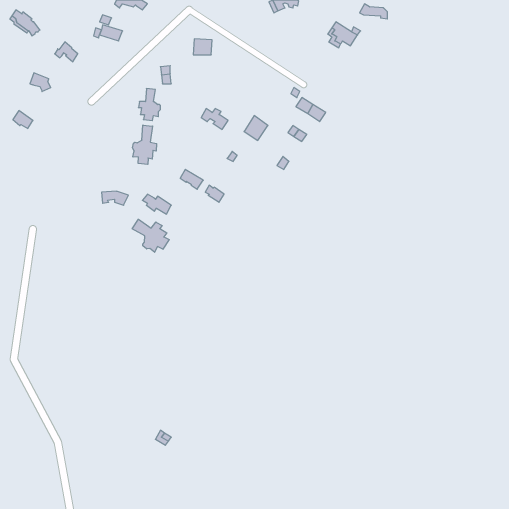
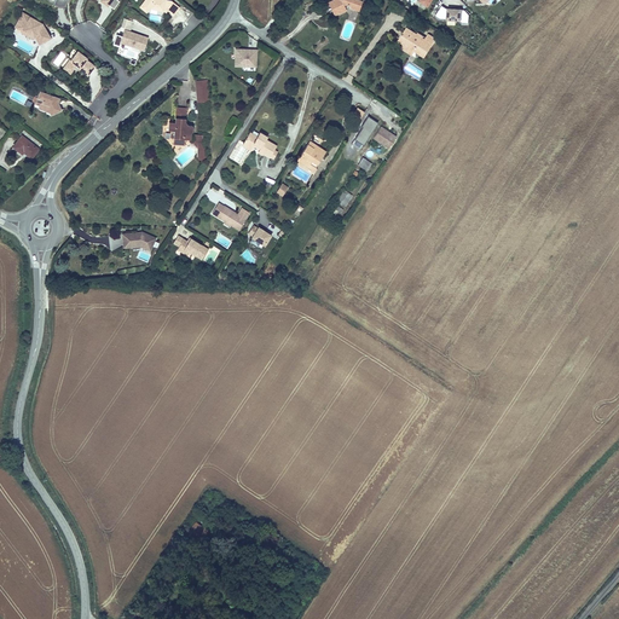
building: [133,125,157,164] -> none
building: [132,219,169,252] -> none

